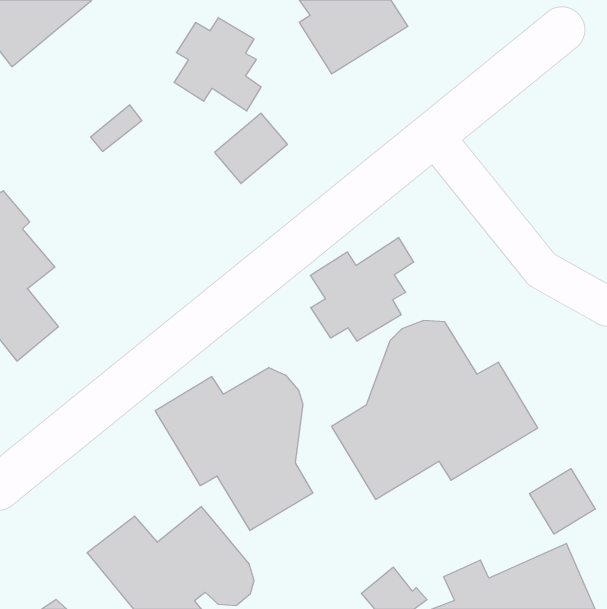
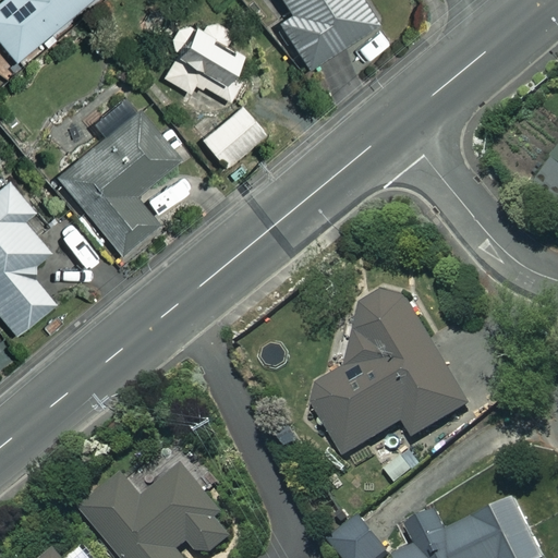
building: none -> [53,109,175,255]
building: [310,238,414,341] -> none
building: [155,367,313,531] -> none
building: [530,469,595,534] -> none

